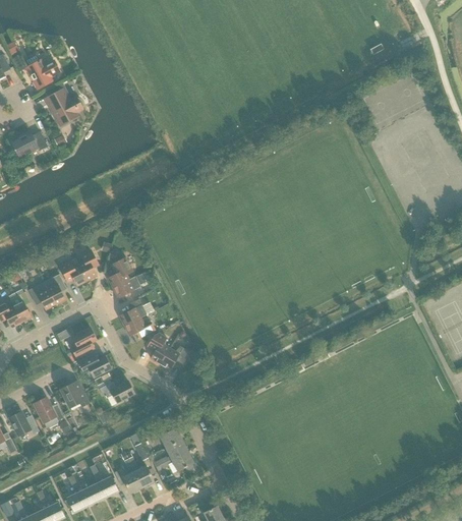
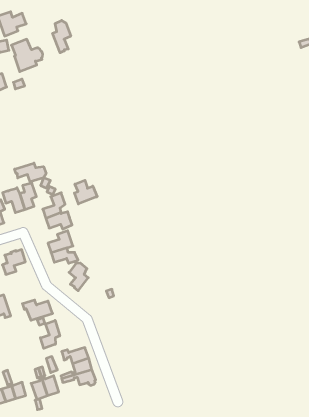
building: none -> [53,20,71,53]
building: none -> [15,163,46,182]
building: none -> [74,180,97,204]
building: [160,345,189,369] -> none
building: [78,355,111,378] -> none
building: none -> [40,320,60,348]

